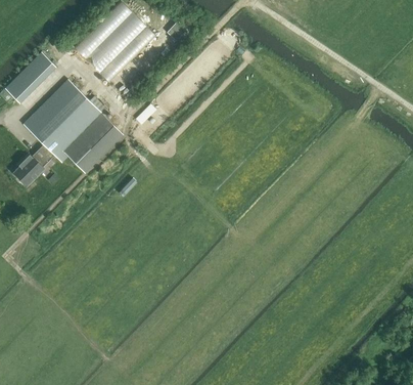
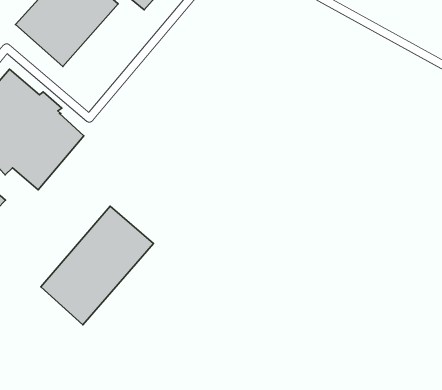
building: none -> [41,206,153,325]

